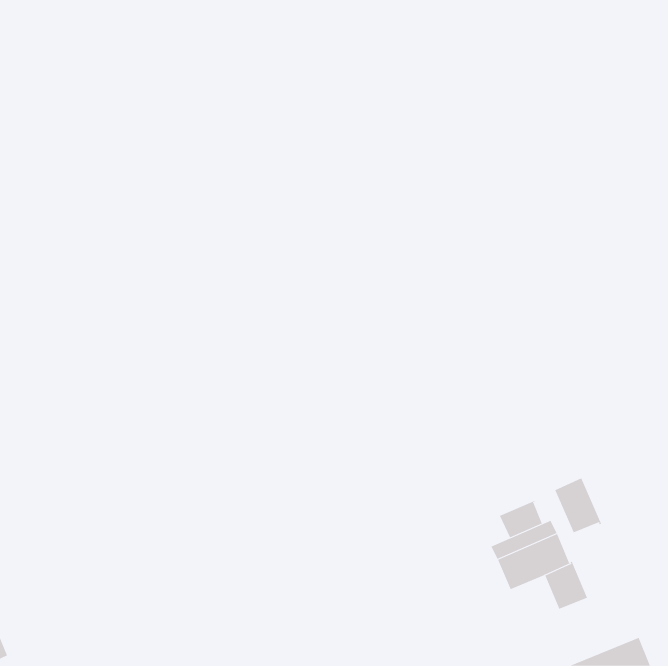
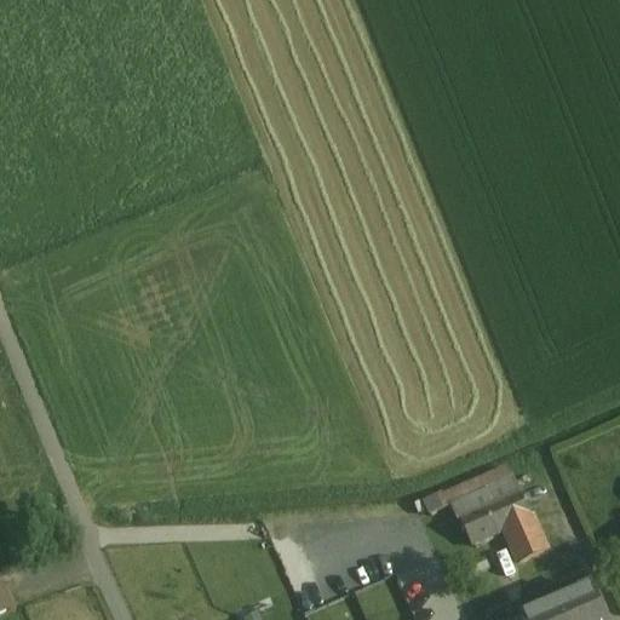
building: [555,477,602,533] -> none
building: [499,500,542,538] -> none

